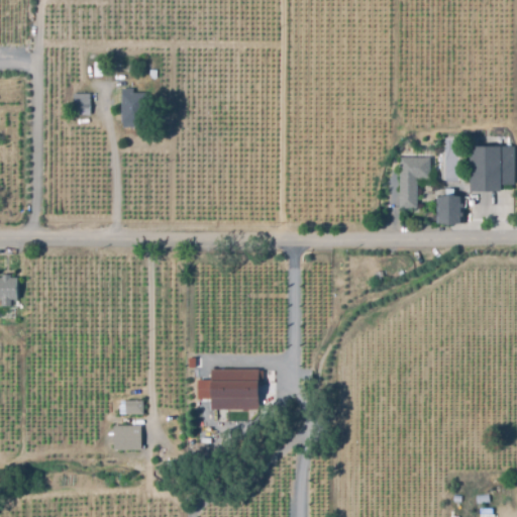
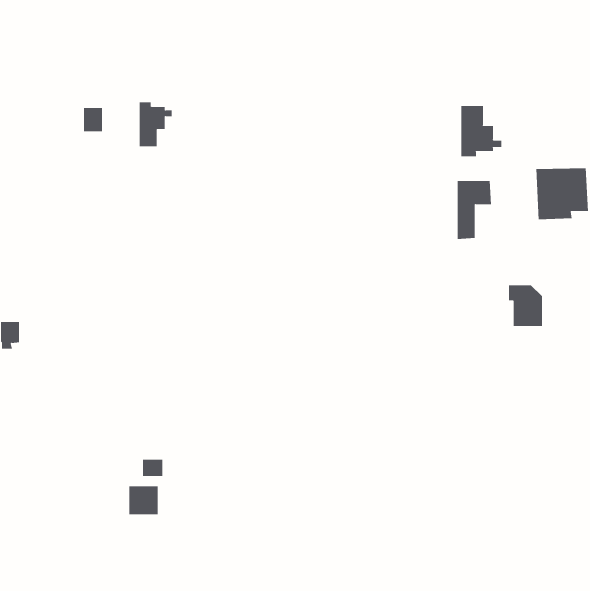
building: none -> [461,105,502,157]
building: [433,187,463,223] -> [508,285,543,326]
building: [210,367,257,408] -> none

